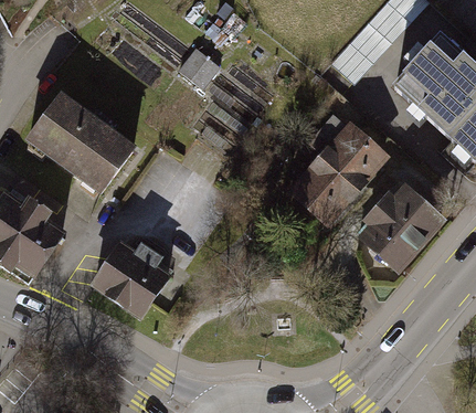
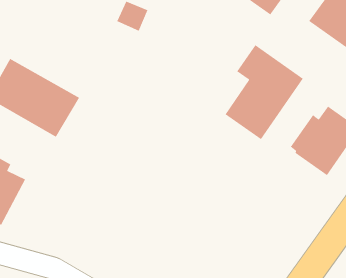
building: [96,237,170,317] -> none

